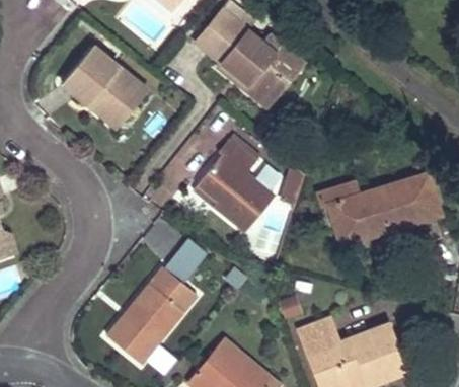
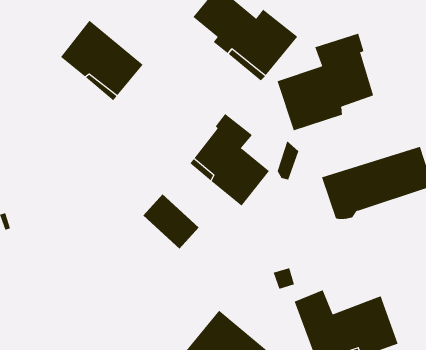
building: none -> [277,33,374,131]
building: [107,265,198,363] -> none

